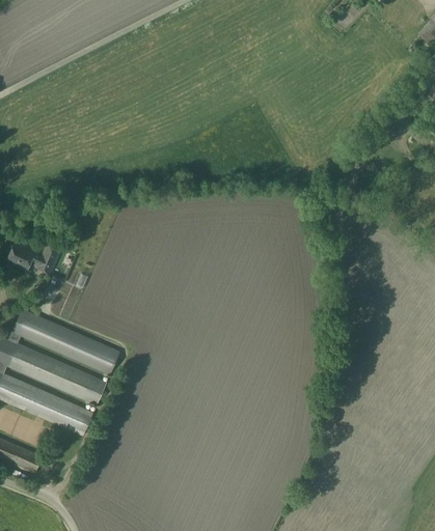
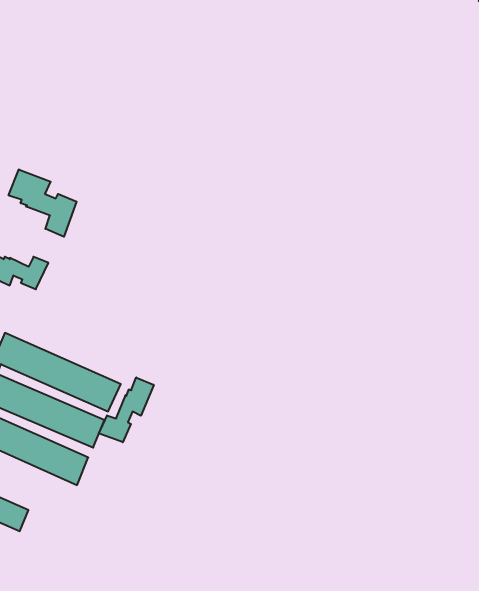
building: none -> [9,169,77,237]
building: none -> [99,377,154,442]

